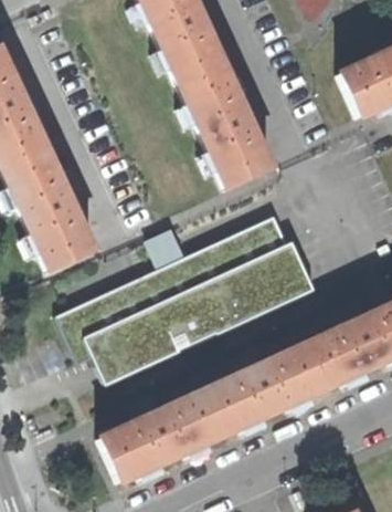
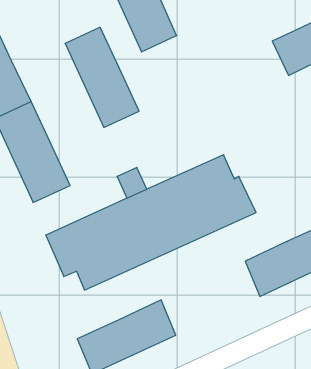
building: [182,66,273,189] -> [65,27,139,127]
building: [206,343,327,433] -> none

